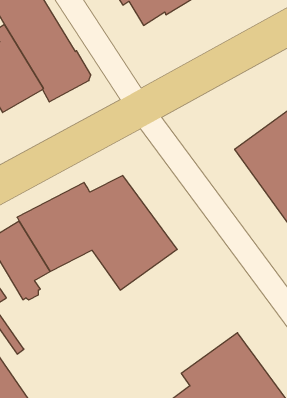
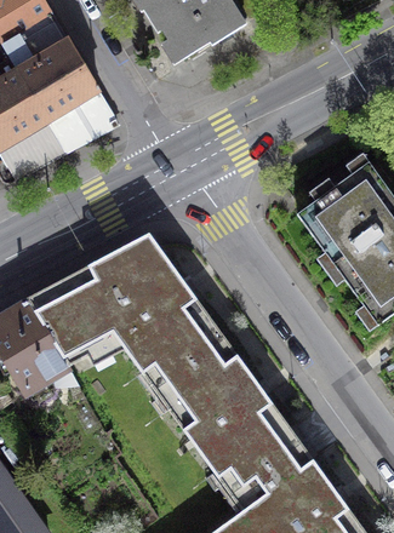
building: none -> [154,339,301,494]

